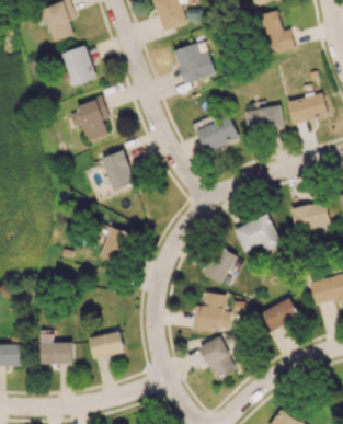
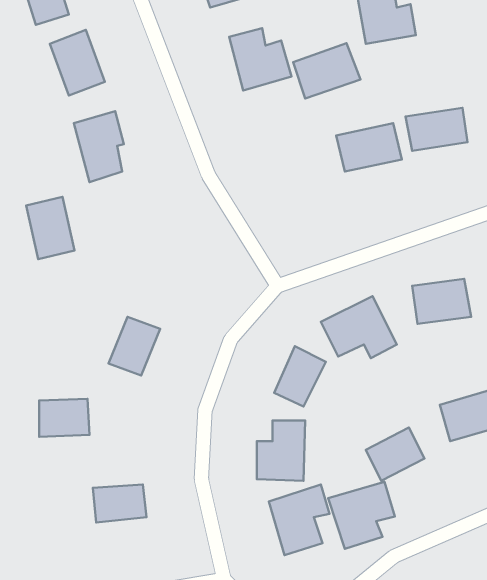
building: [196,116,239,151] -> [293,43,360,98]
building: [103,150,134,190] -> [26,197,75,259]
building: none -> [328,482,395,549]
building: [41,341,72,365] -> [39,399,89,437]

